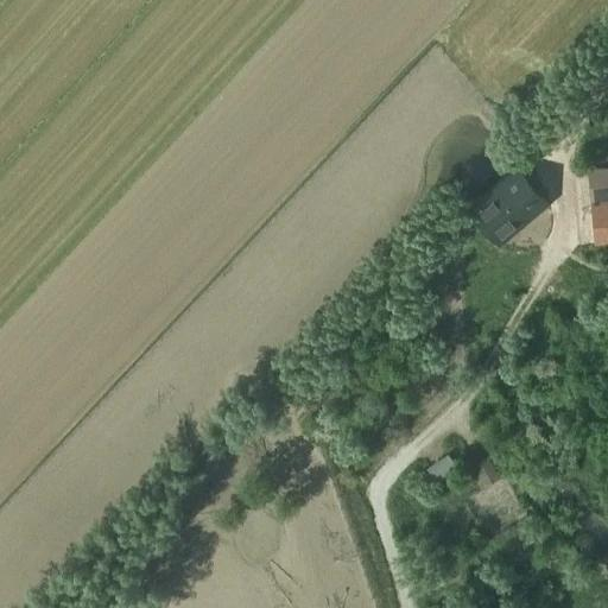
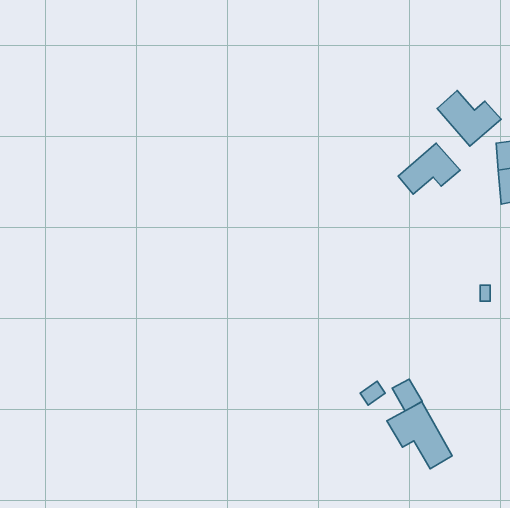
building: none -> [437,91,501,146]
building: none -> [387,402,452,469]

